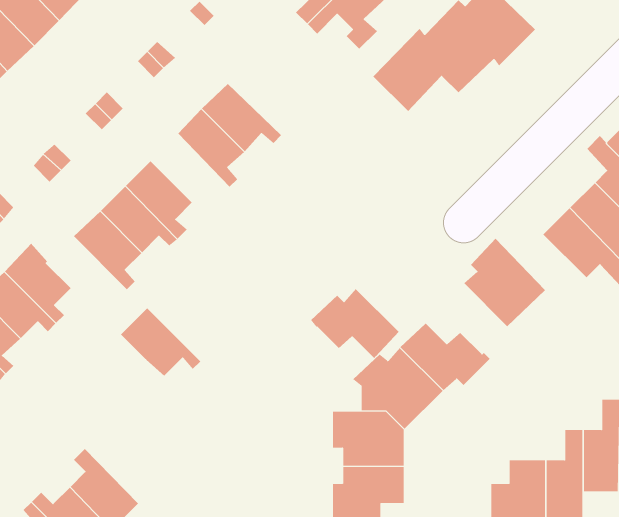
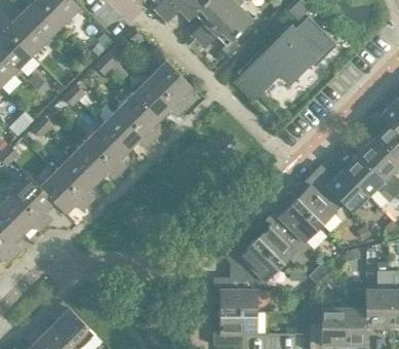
building: none -> [150,62,193,110]
building: none -> [103,109,151,151]
building: none -> [313,164,368,214]
building: [310,288,399,359] -> [266,200,320,243]
building: [120,308,201,377] -> [39,171,88,214]

